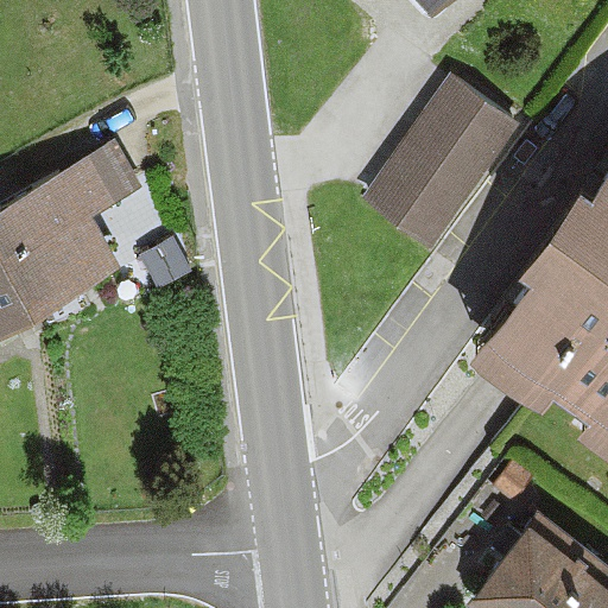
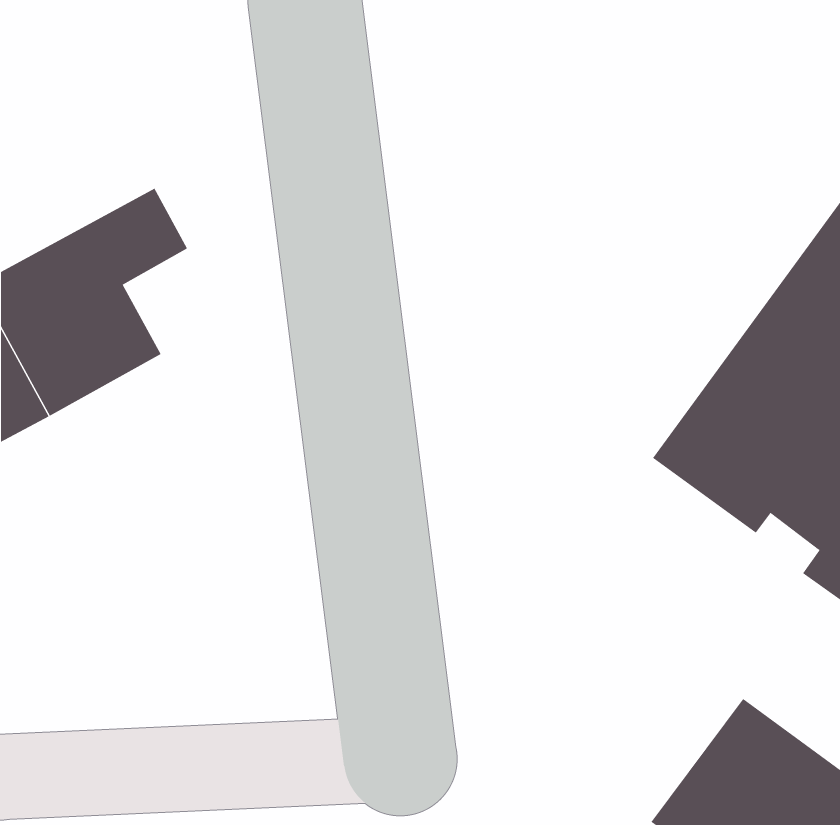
building: [363,81,517,251] -> none

